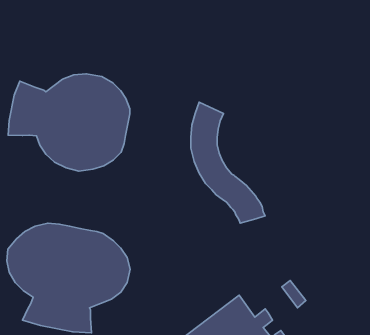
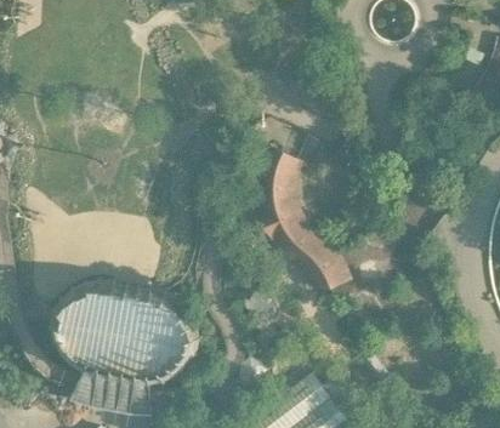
building: [8,74,130,171] -> none

